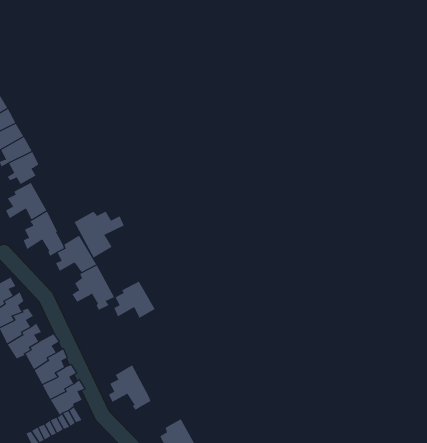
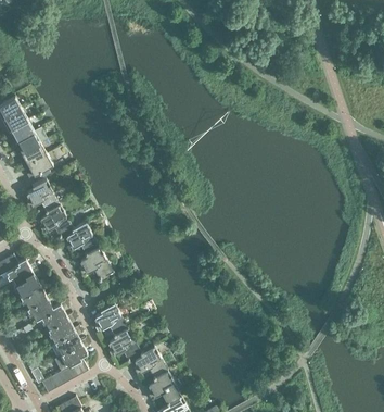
building: [74,211,124,259] -> none
building: [113,281,155,319] -> [93,304,127,335]
building: none -> [133,347,166,377]

